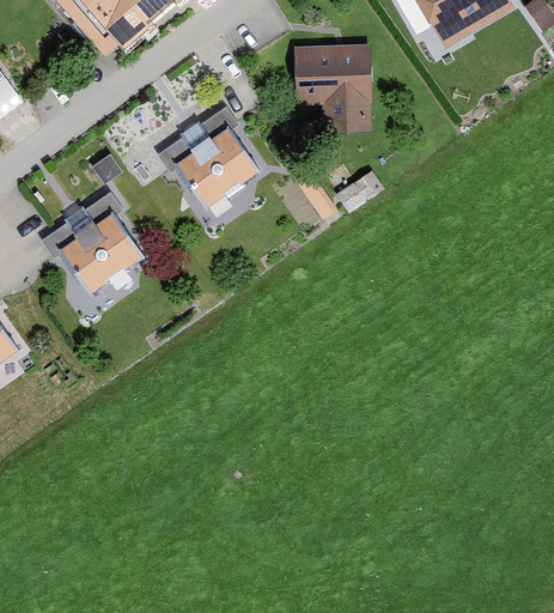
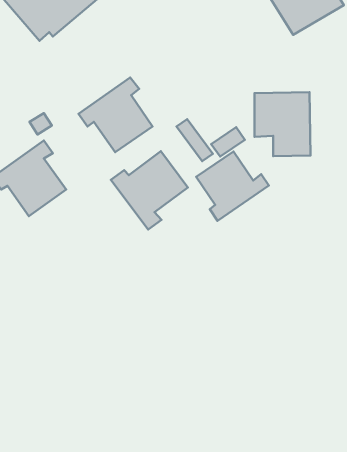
building: [294,44,370,131] -> [254,92,310,156]
building: none -> [111,151,188,230]
building: none -> [196,152,269,221]

